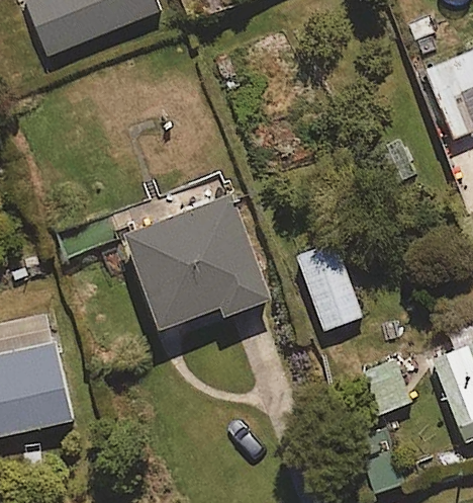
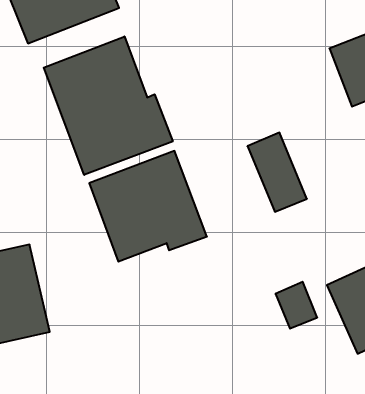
building: none -> [44,36,173,175]
building: [293,236,368,335] -> [247,133,307,212]

